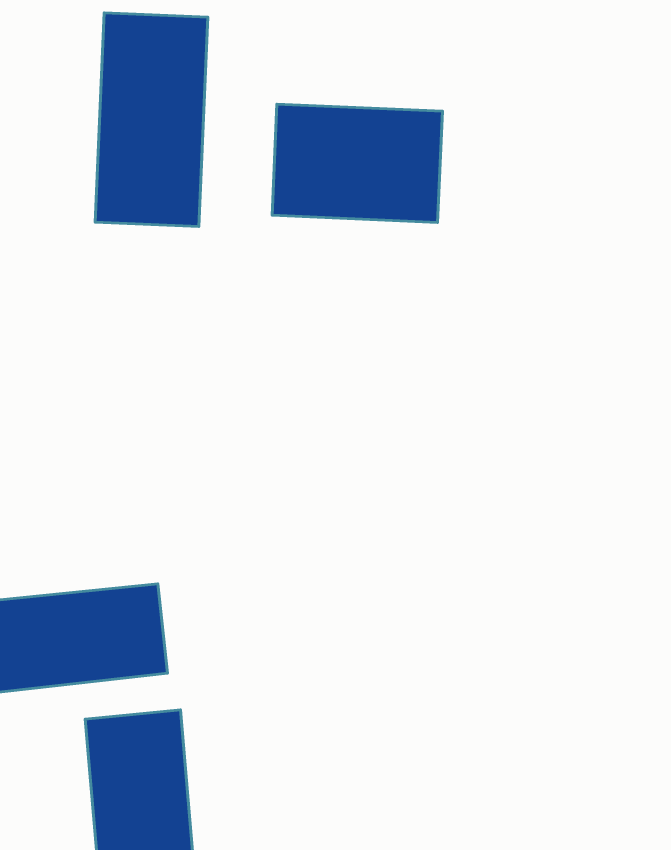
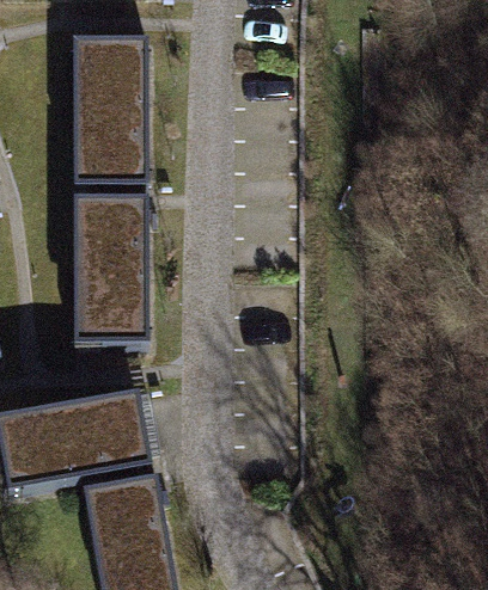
building: [272,104,442,222] -> none
building: none -> [79,201,144,331]

